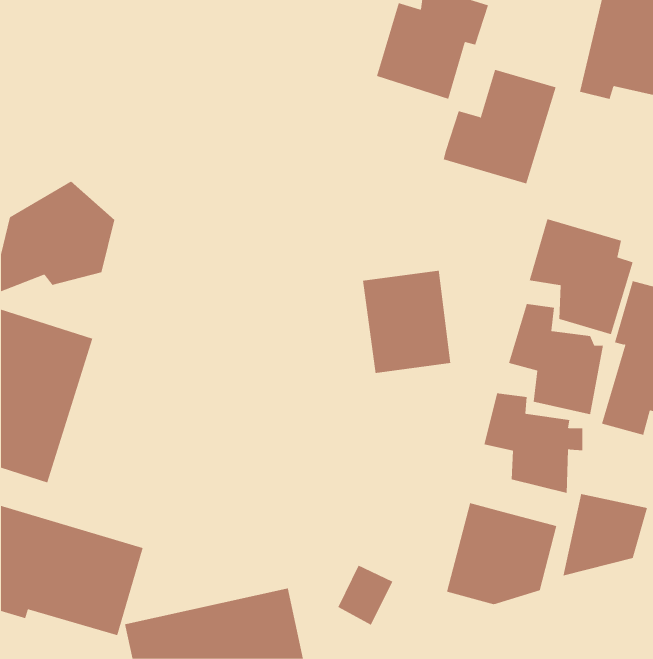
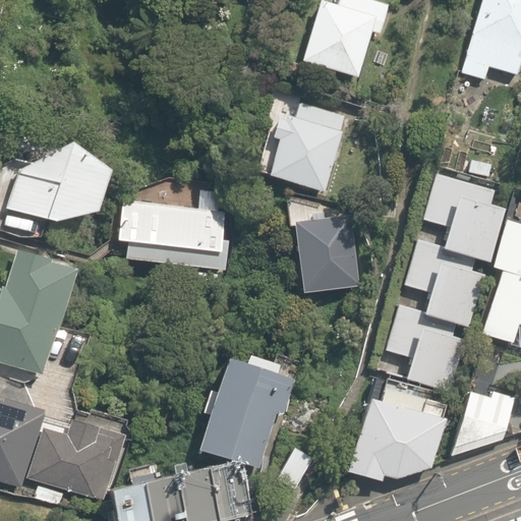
building: [443,69,557,184] -> [258,100,348,190]
building: none -> [111,198,229,270]
building: none -> [196,359,296,468]

